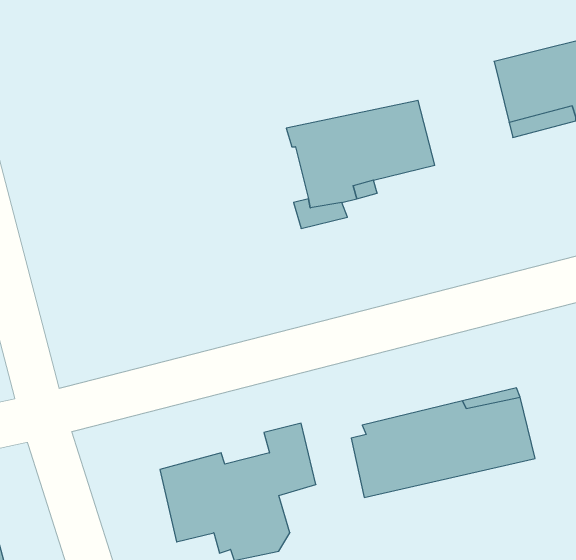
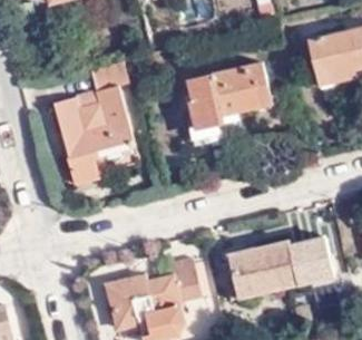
building: none -> [55,64,133,186]

